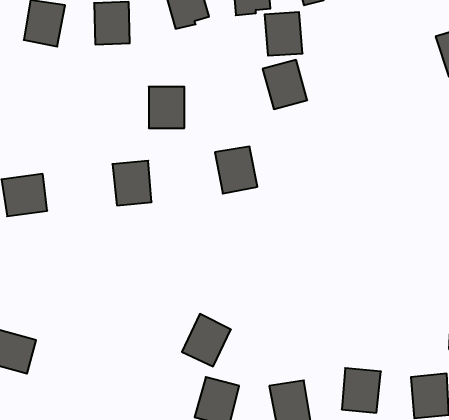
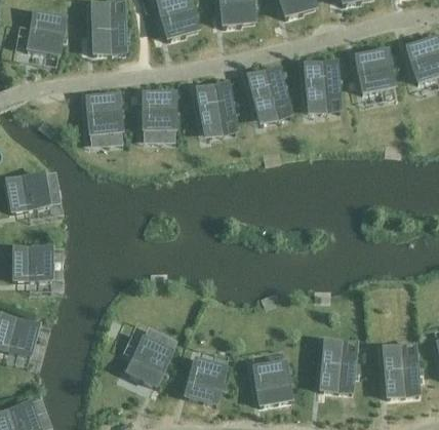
building: [265,12,303,56] -> [305,61,340,101]
building: none -> [356,48,394,92]
building: [215,147,257,194] -> [196,82,235,125]
building: [112,161,152,205] -> [86,93,122,134]
building: none -> [13,246,51,279]
building: [182,314,231,366] -> [127,337,172,385]

